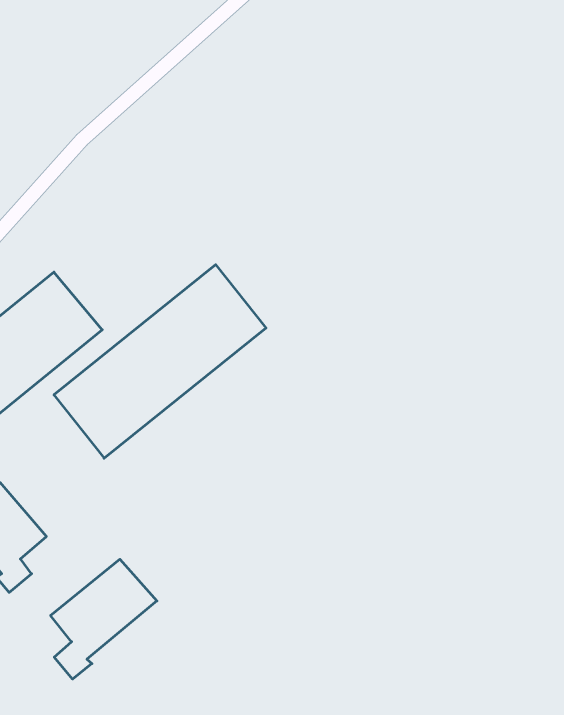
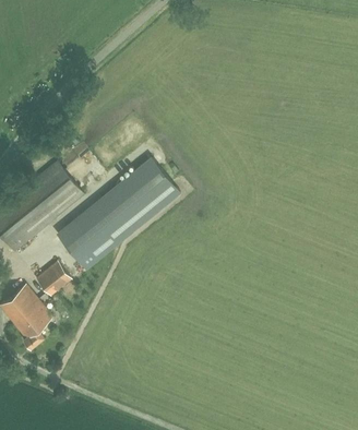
building: none -> [34,259,72,296]
building: [51,559,157,679] -> none

